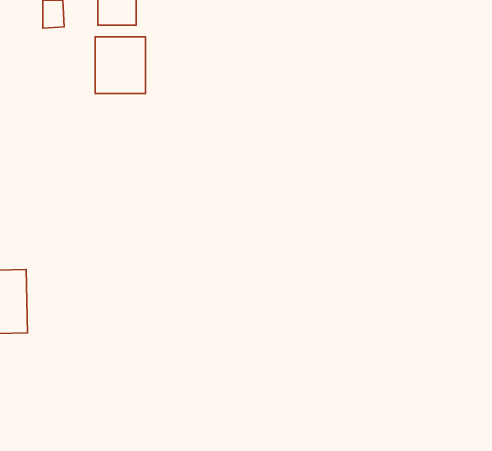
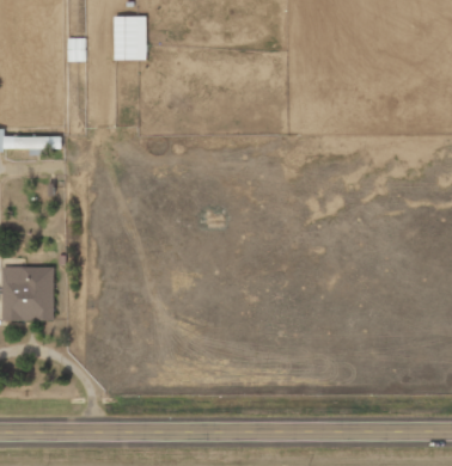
building: [95,37,146,94] -> none

